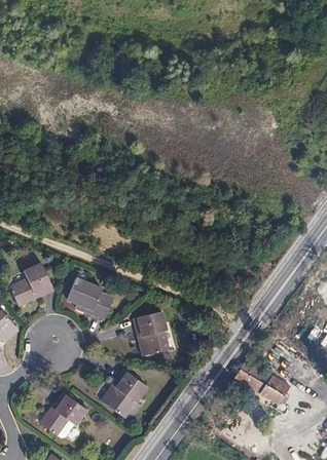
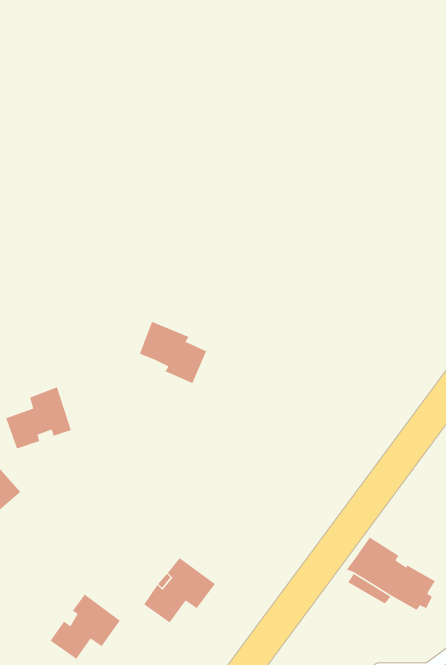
building: [68,278,112,319] -> [139,321,207,384]
building: [134,311,167,355] -> none

